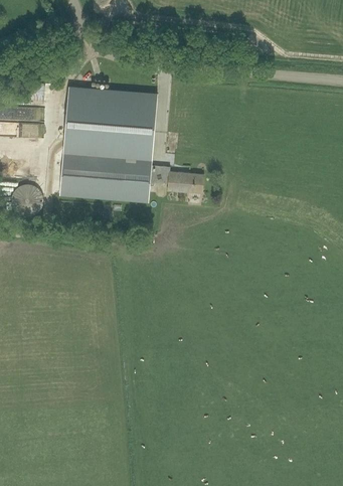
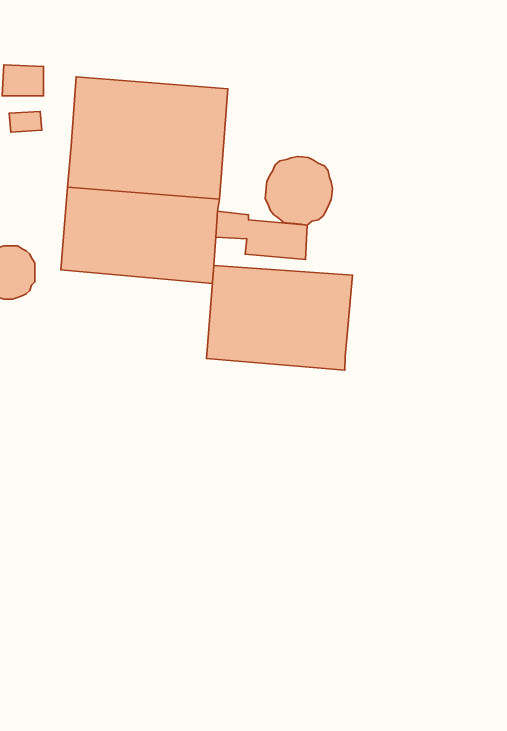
building: none -> [265,156,333,225]
building: none -> [206,266,352,370]

